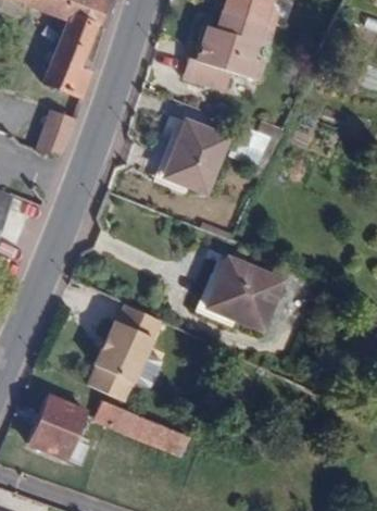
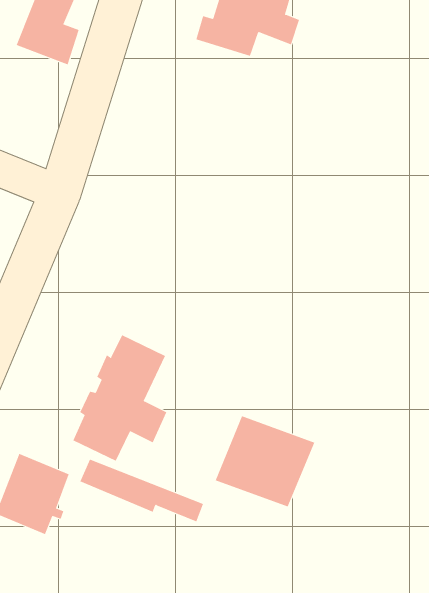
building: [39,108,78,158] -> none
building: [175,121,234,194] -> none
building: [205,258,282,328] -> [215,416,315,507]

